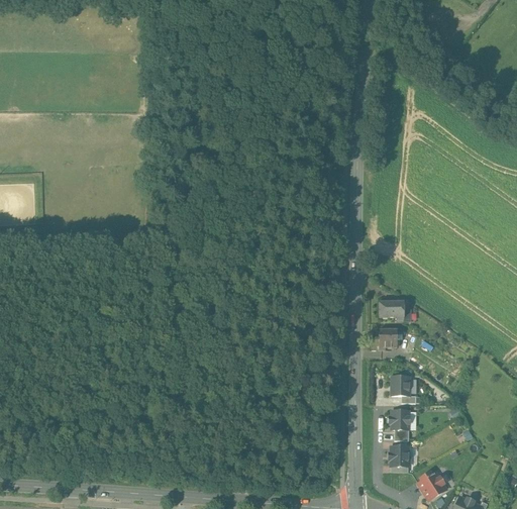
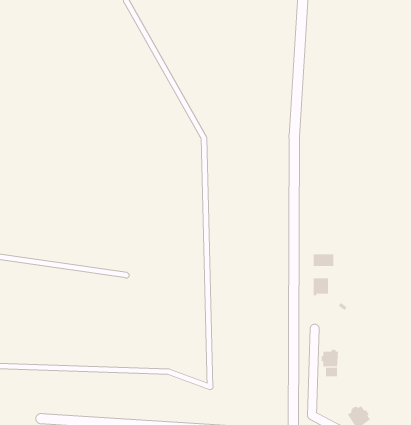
building: [391,376,409,396] -> none
building: [389,444,410,466] -> none

